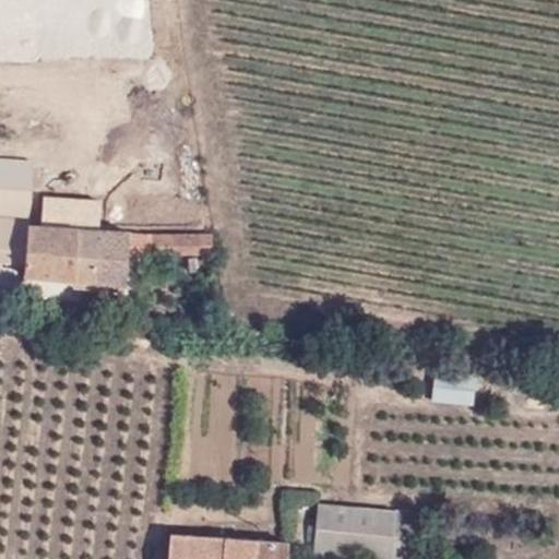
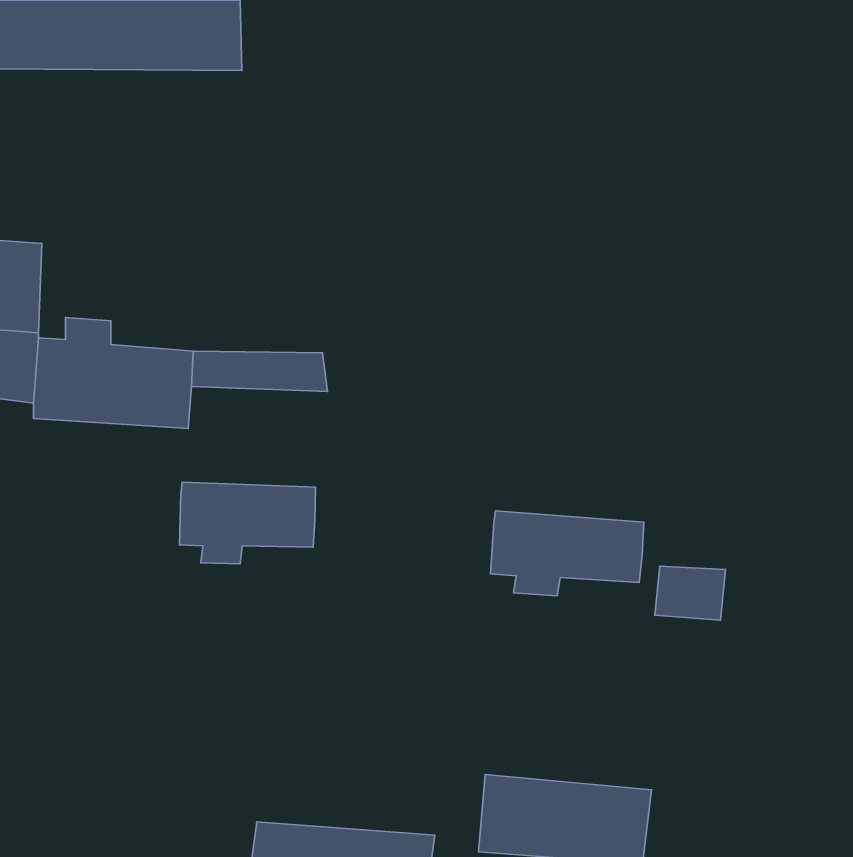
building: none -> [180,482,315,564]
building: none -> [490,511,644,596]

